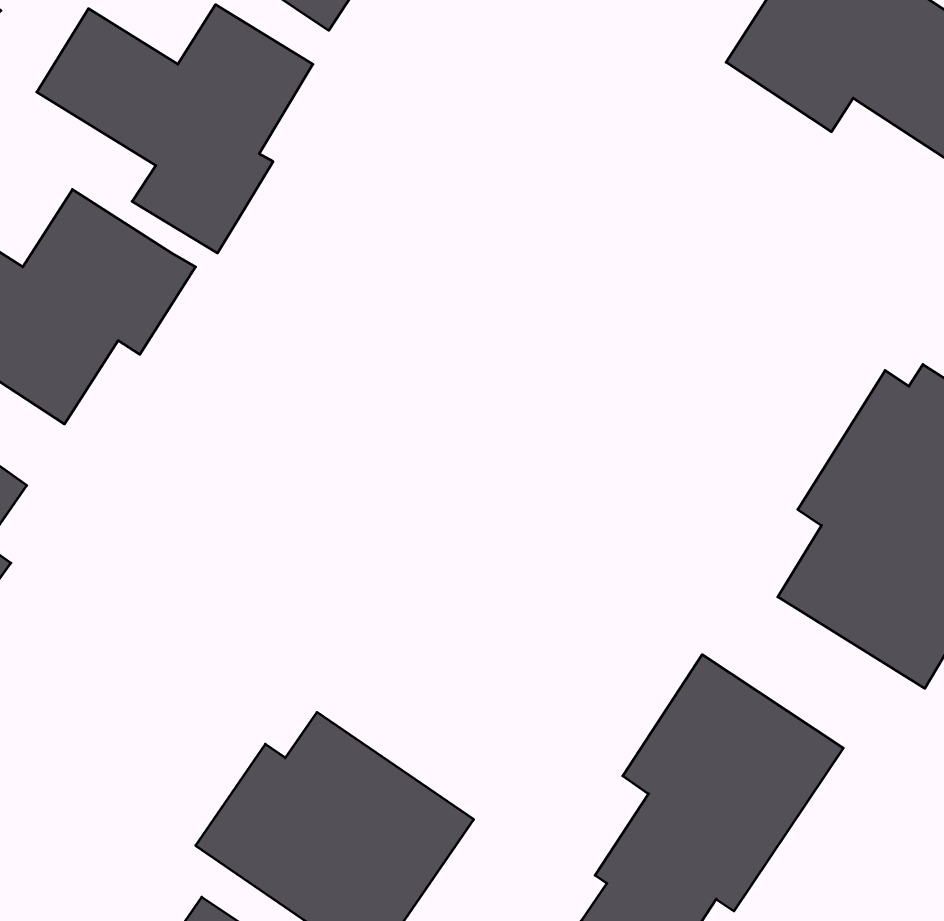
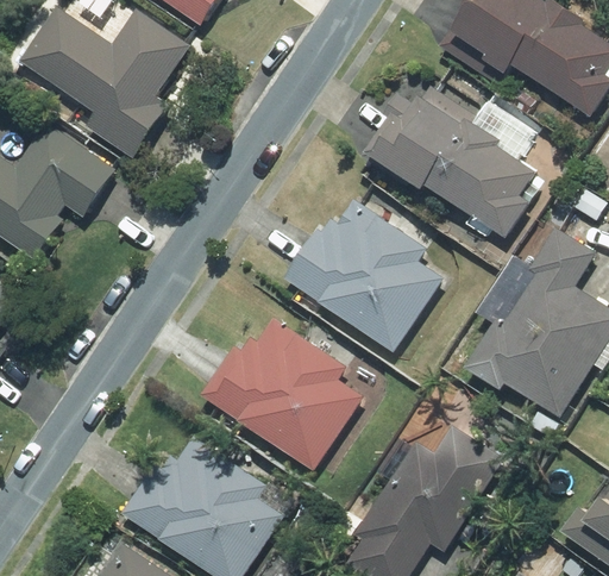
building: none -> [362,84,544,238]
building: none -> [293,208,439,350]
building: none -> [199,315,366,472]

